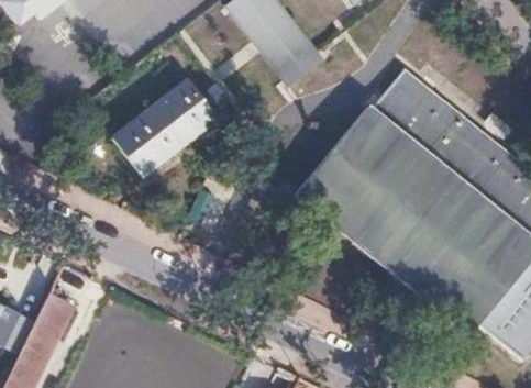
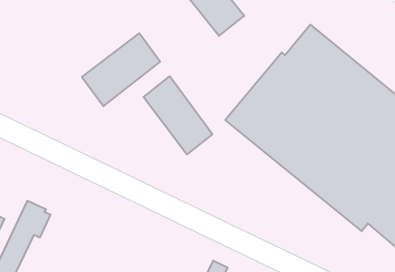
building: none -> [143,76,212,154]

